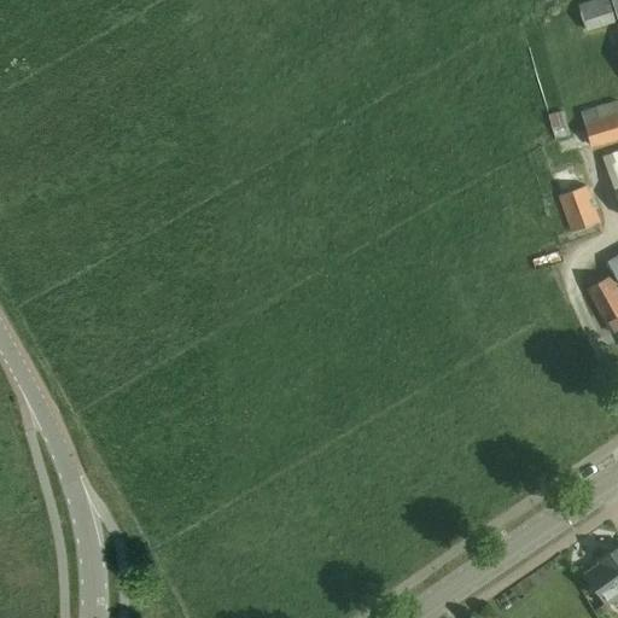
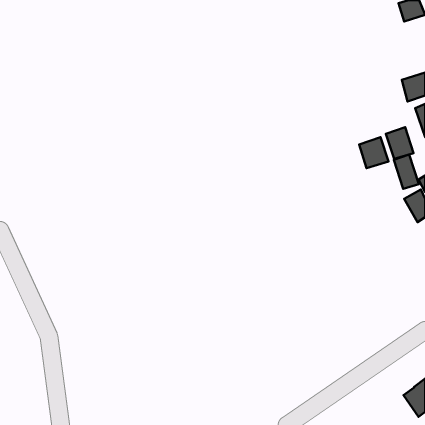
building: none -> [359,137,388,168]
building: none -> [394,154,419,189]

